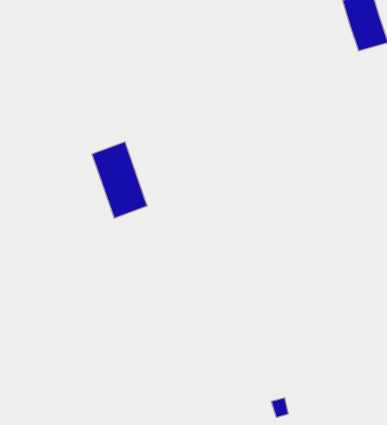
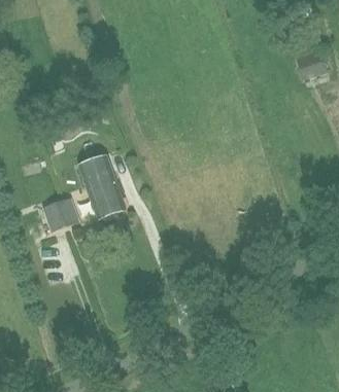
building: none -> [42,195,80,231]

